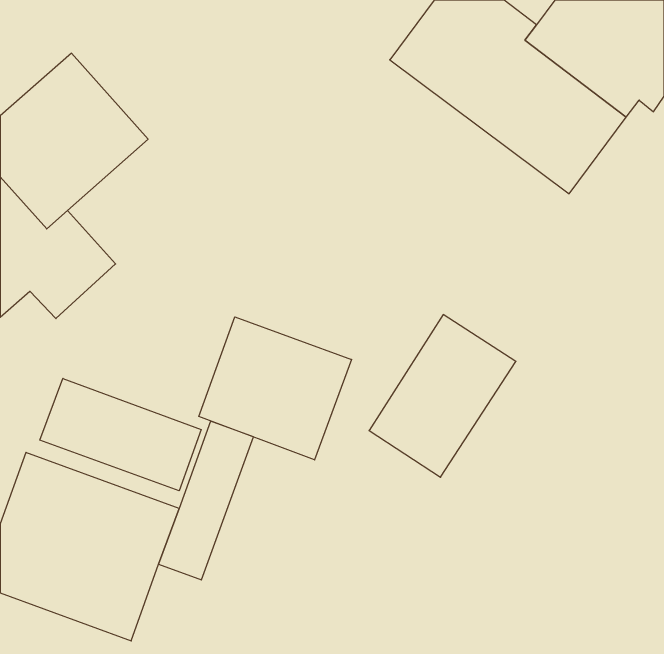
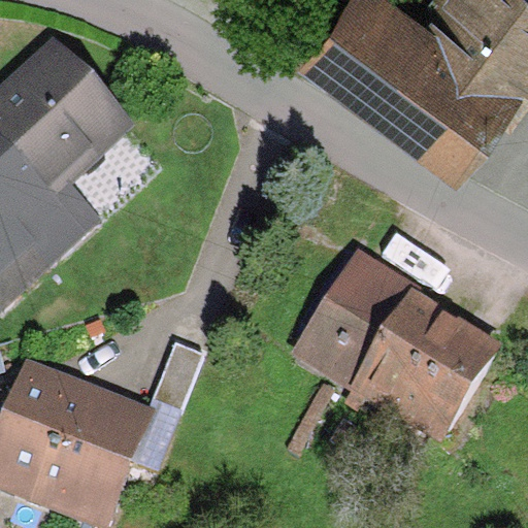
building: [199,317,352,460] -> none
building: none -> [341,295,495,441]
building: [40,378,201,491] -> none

